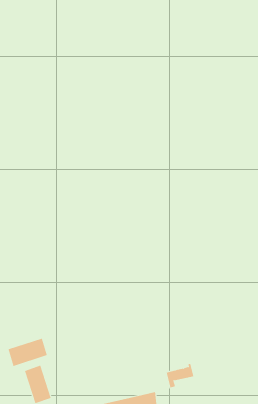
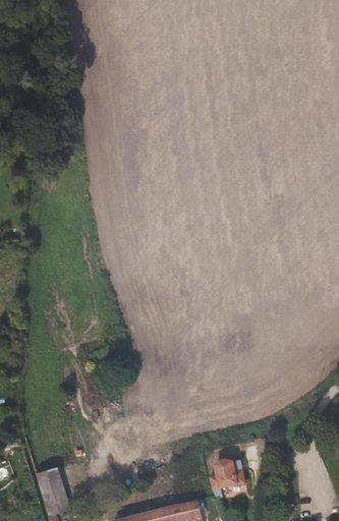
building: [8,338,48,367] -> none

